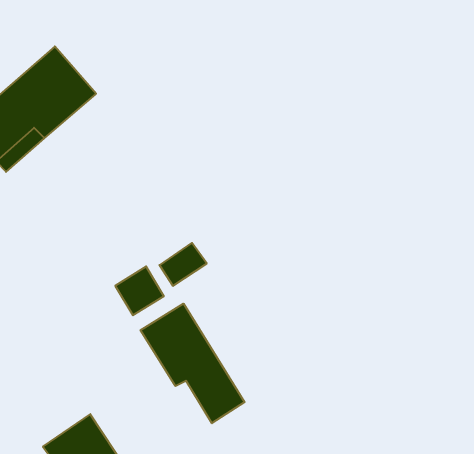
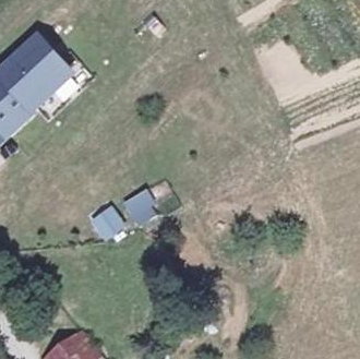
building: [141,304,245,423] -> none

